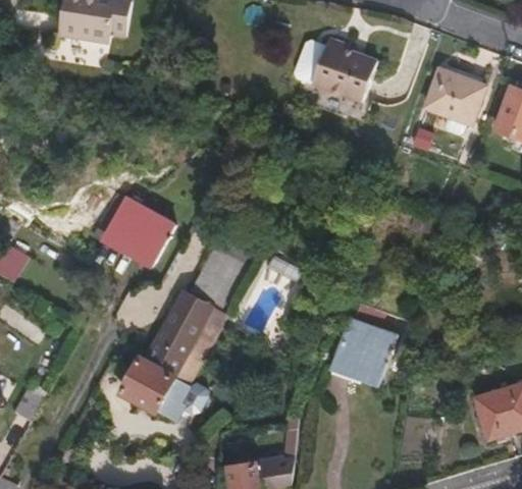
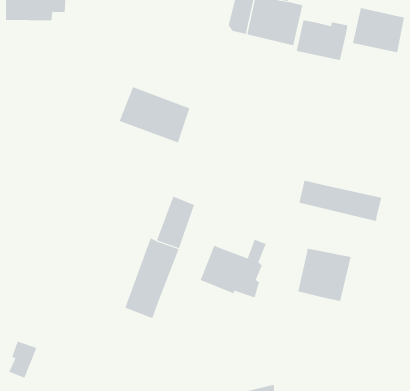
building: none -> [296,20,348,61]
building: [94,193,171,259] -> [119,87,190,143]
building: none -> [299,180,382,222]
building: [122,355,198,418] -> [200,239,266,298]

